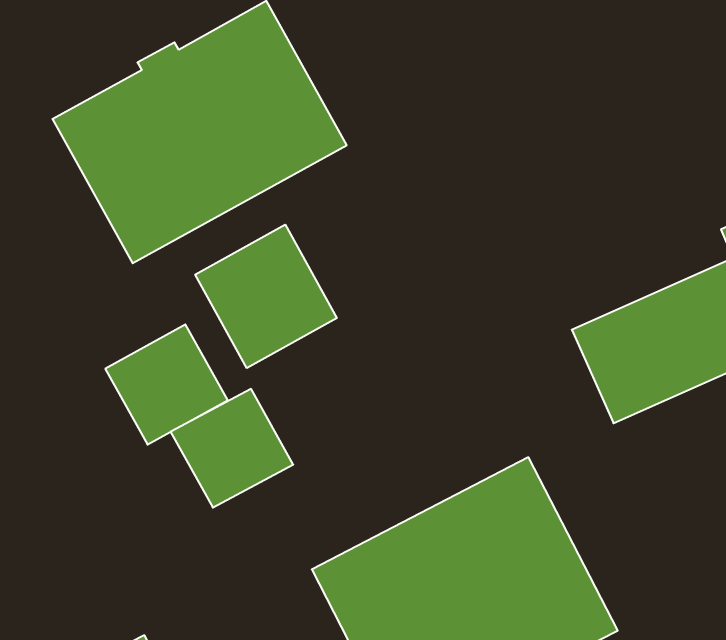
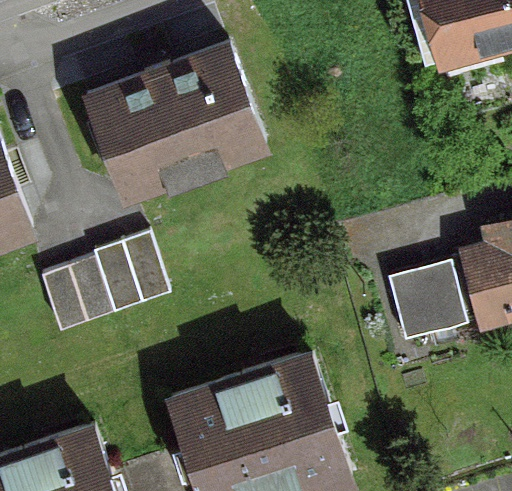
building: [195,225,337,368] -> none
building: [171,389,293,508] -> [37,256,110,326]

